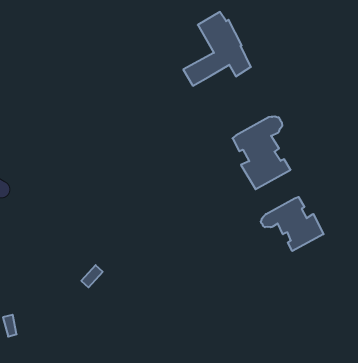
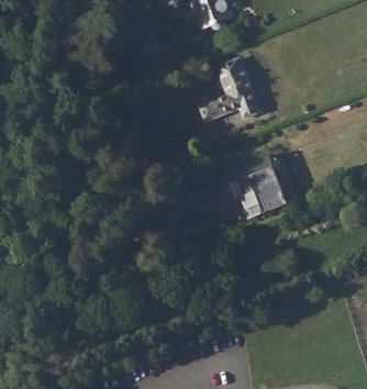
building: [261,197,324,251] -> none

